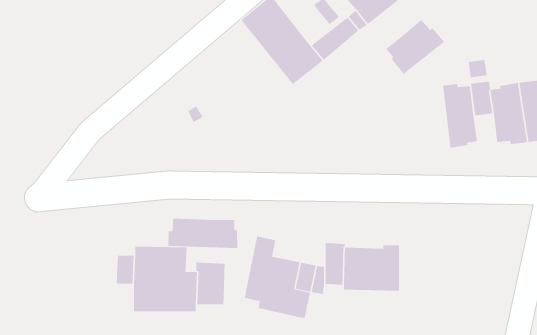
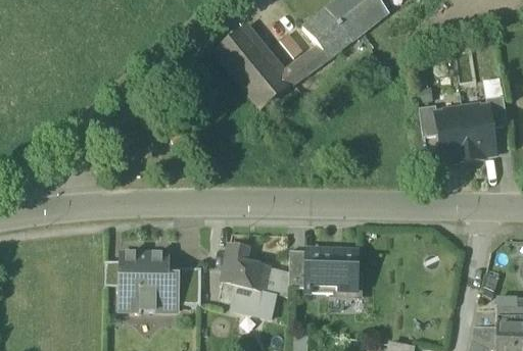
building: [386,19,445,75] -> none
building: [442,83,477,149] -> none
building: [168,218,238,249] -> none

